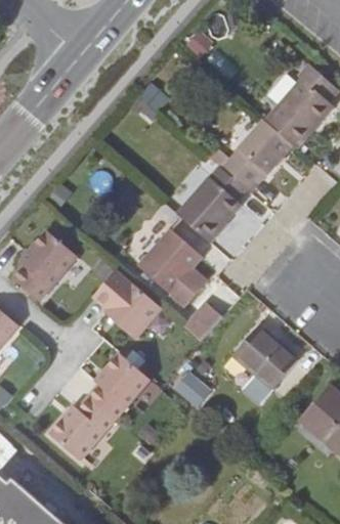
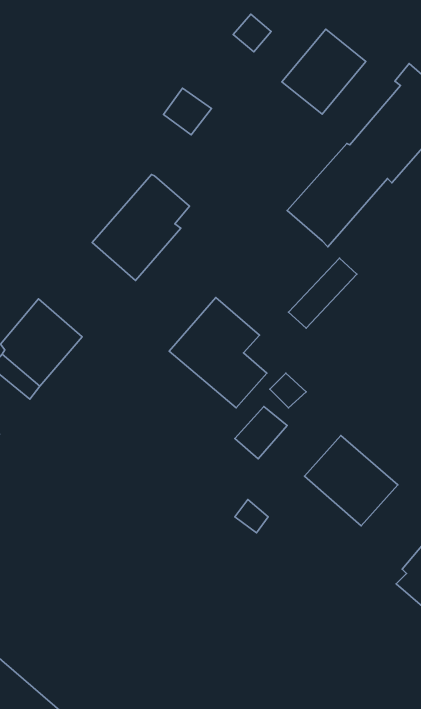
building: none -> [282,29,366,114]
building: [177,167,246,242] -> [92,174,189,280]
building: [92,270,162,342] -> none
building: [50,353,150,461] -> none

